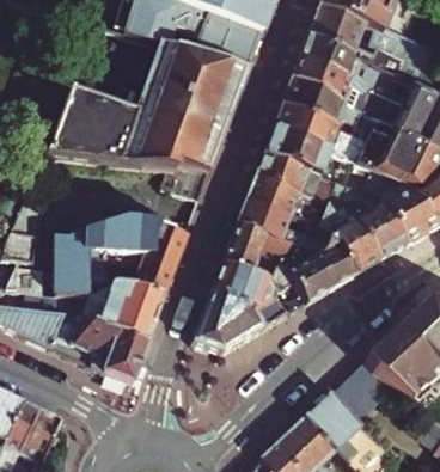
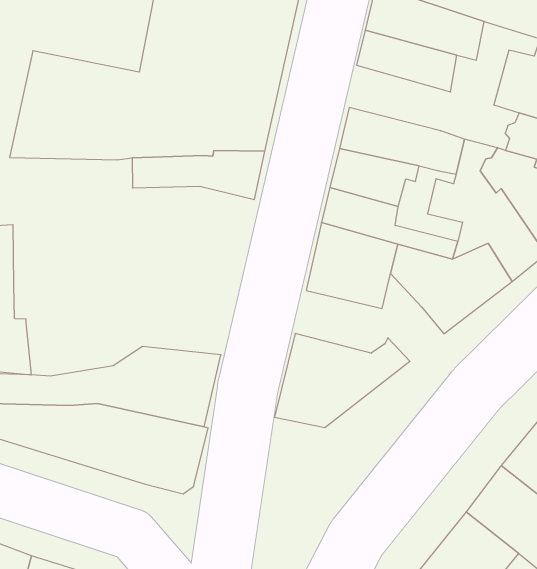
building: [268,121,334,170] -> none
building: [55,215,190,293] -> none
building: [214,256,297,305] -> none

